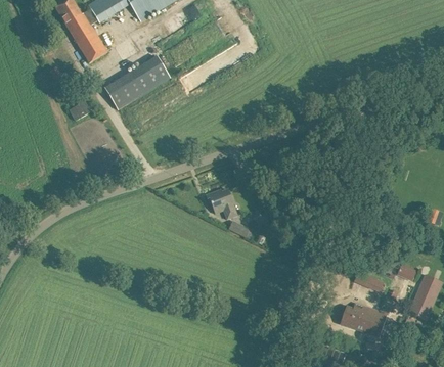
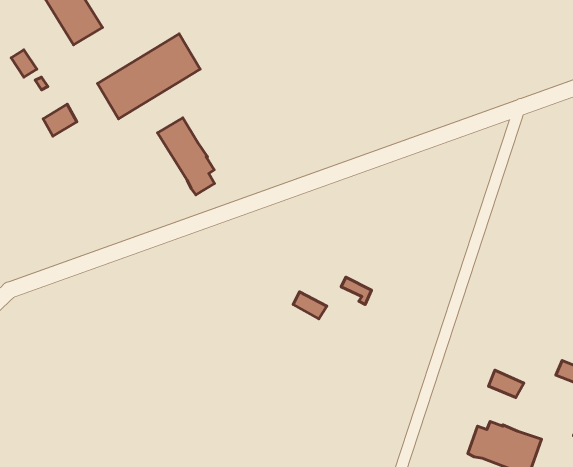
building: none -> [157,118,215,195]
building: [206,189,238,219] -> none

